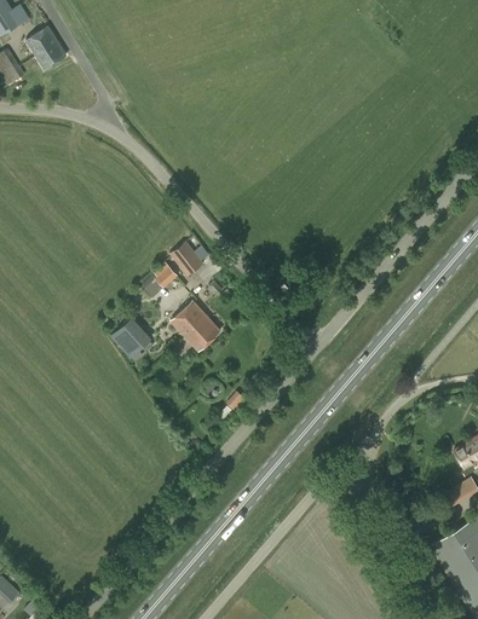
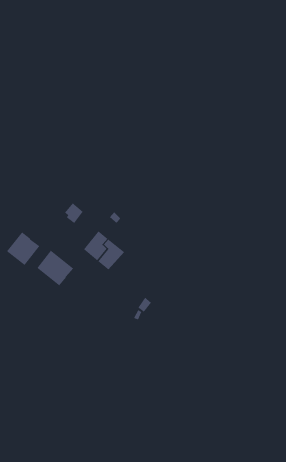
building: [168,241,202,277] -> none
building: none -> [6,232,40,266]

